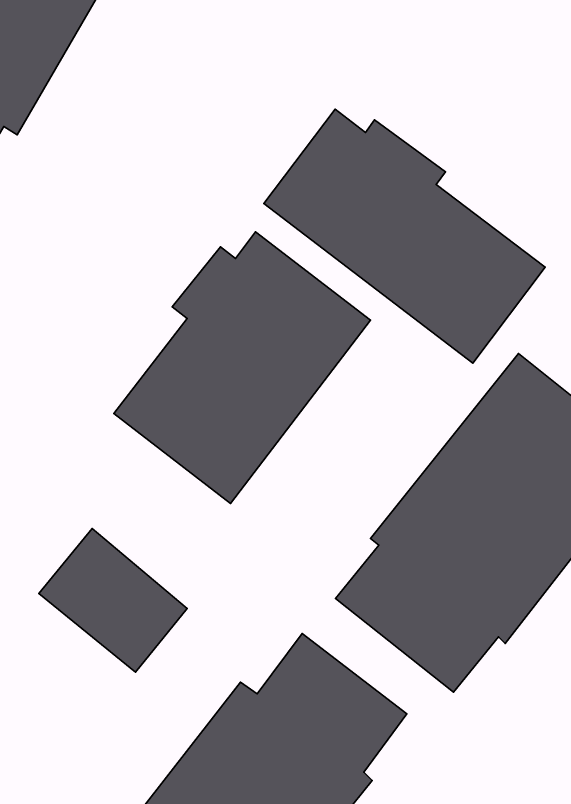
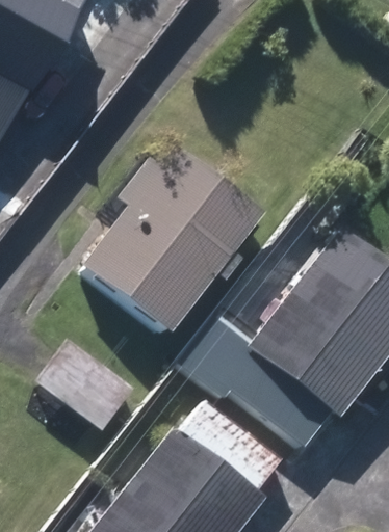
building: [264,109,545,363] -> none

